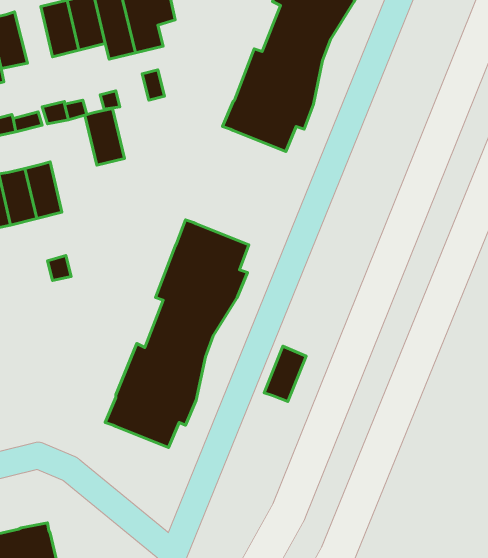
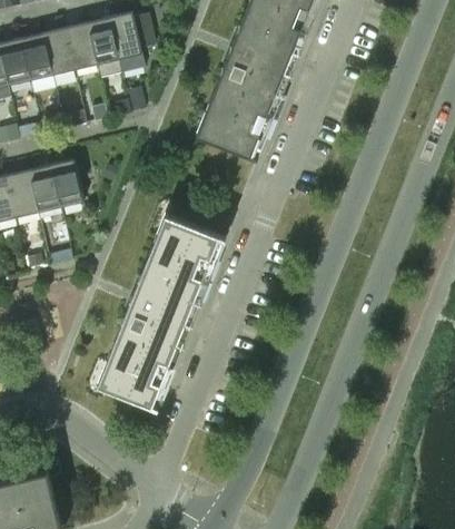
building: none -> [19,35,51,82]
building: [85,109,124,165] -> [49,160,82,208]
building: [264,346,306,401] -> none

